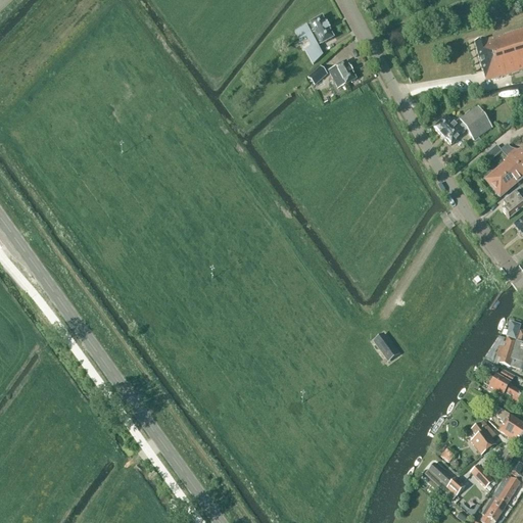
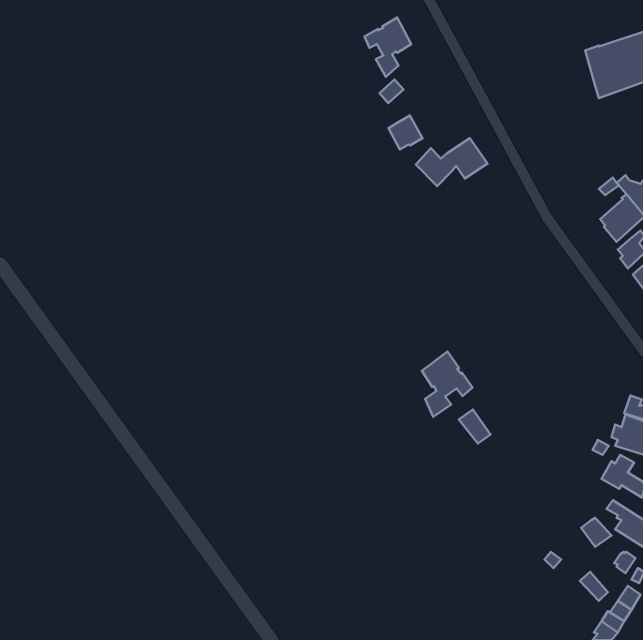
building: [329,59,356,87] -> [388,115,422,149]
building: [434,105,492,144] -> [416,138,488,186]
building: none -> [422,351,473,417]
building: [425,462,465,500] -> none

